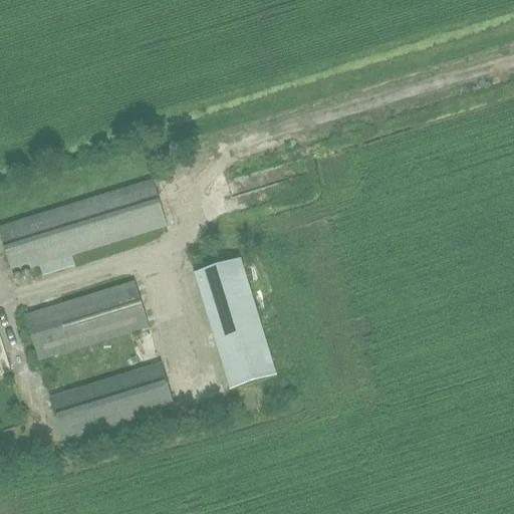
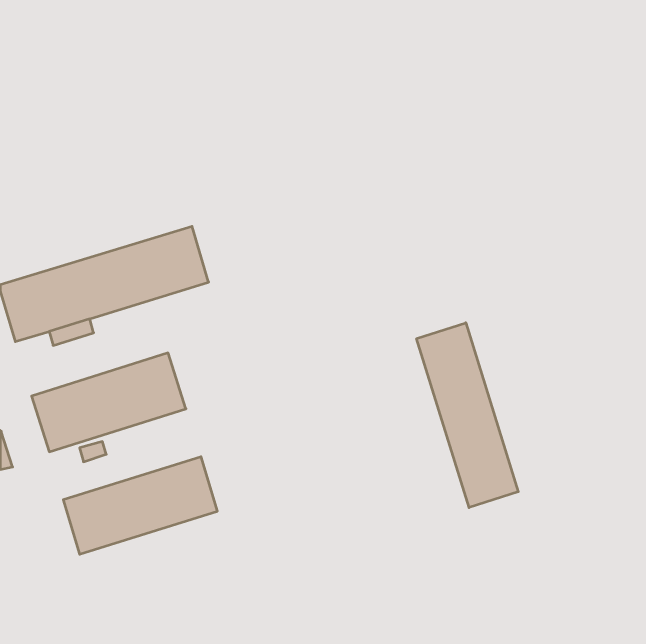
building: none -> [417,323,518,508]
building: [194,258,276,389] -> none

